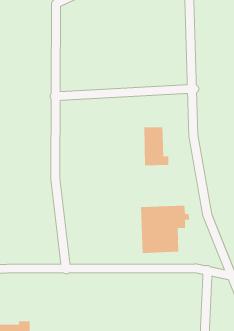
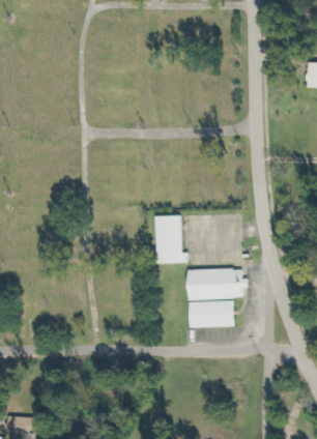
building: [143,127,169,166] -> [152,215,184,264]

